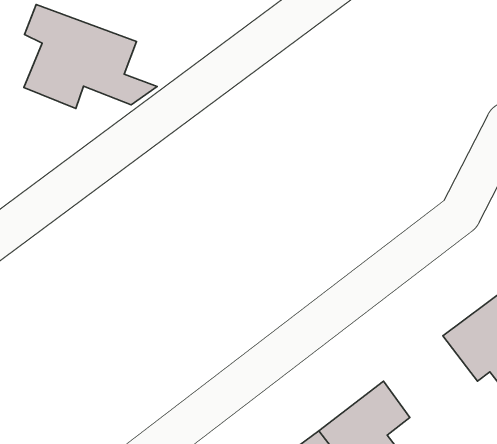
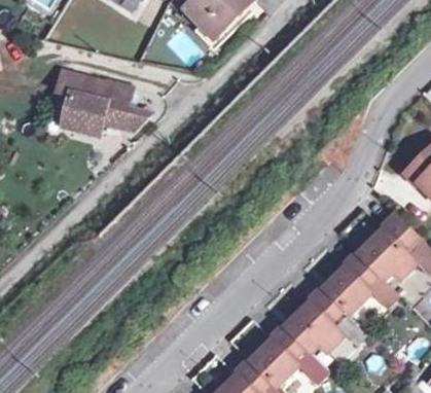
building: none -> [323,253,380,315]

